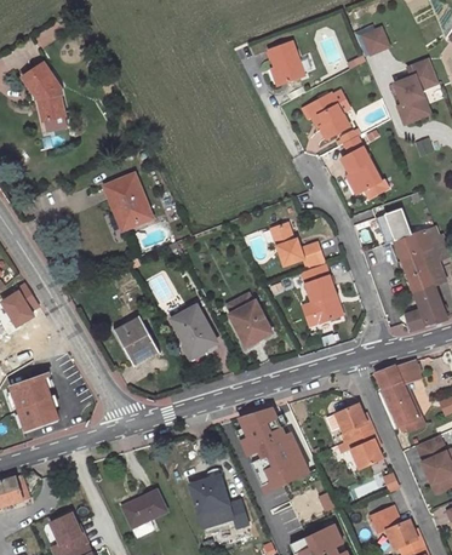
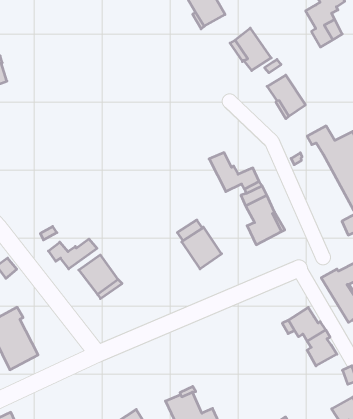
building: [103,174,151,229] -> none
building: none -> [48,239,97,269]
building: [171,305,217,356] -> none
building: [235,406,309,491] -> none

